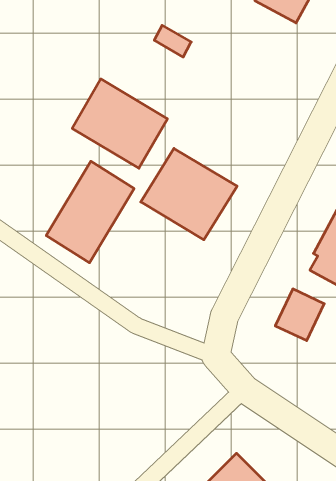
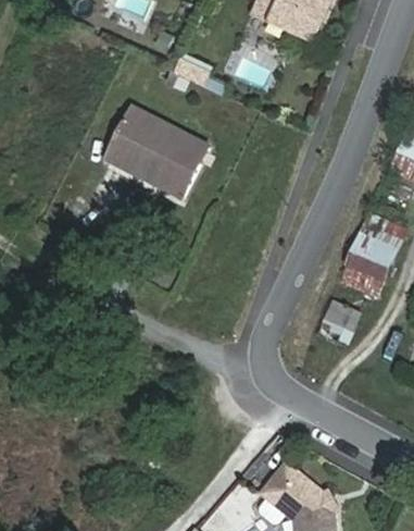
building: [141,148,237,240] -> none
building: [46,161,134,263] -> none

